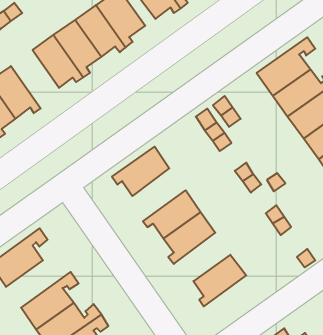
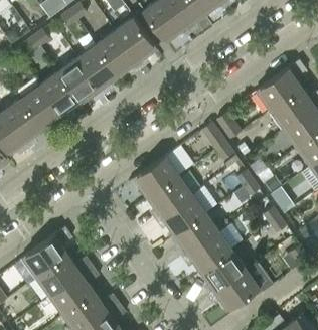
building: none -> [39,70,82,122]
building: none -> [146,174,192,220]
building: none -> [182,230,231,273]
building: none -> [35,255,92,296]
building: none -> [208,268,260,311]

